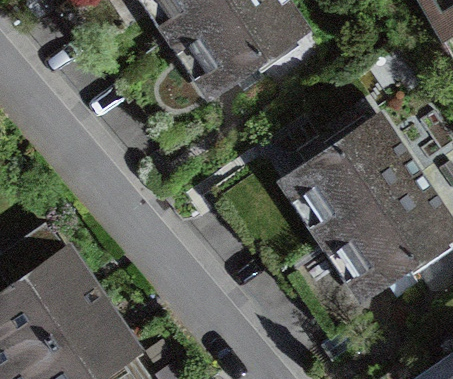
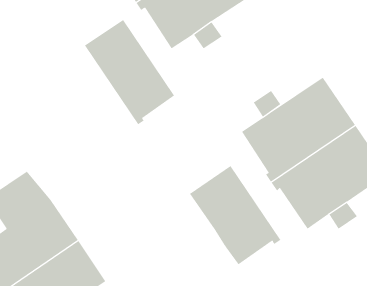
building: none -> [84,19,175,125]
building: none -> [189,165,281,265]

